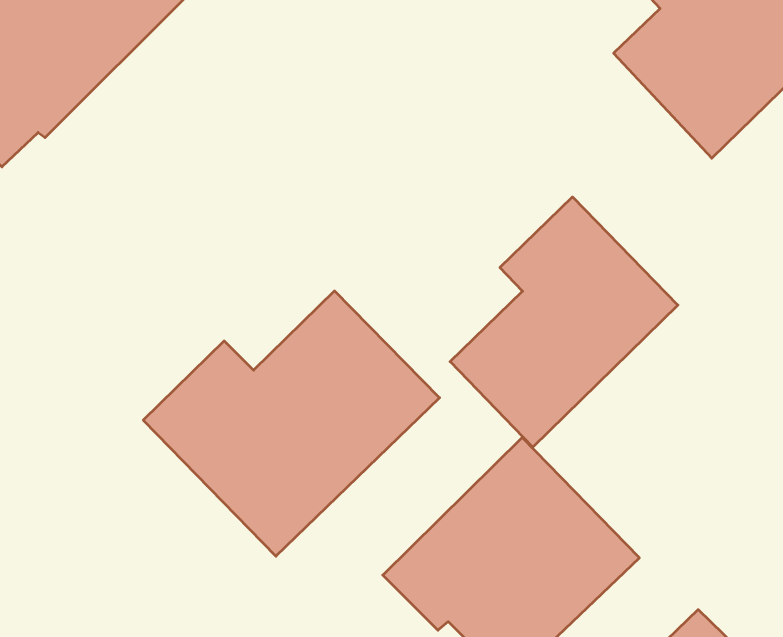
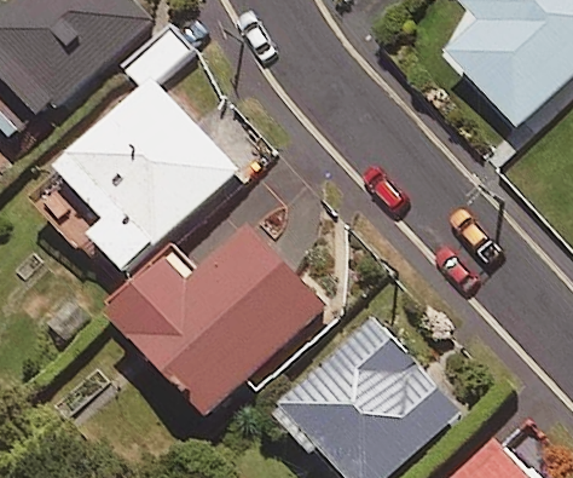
building: none -> [60,23,236,271]
building: [450,197,678,447] -> none

